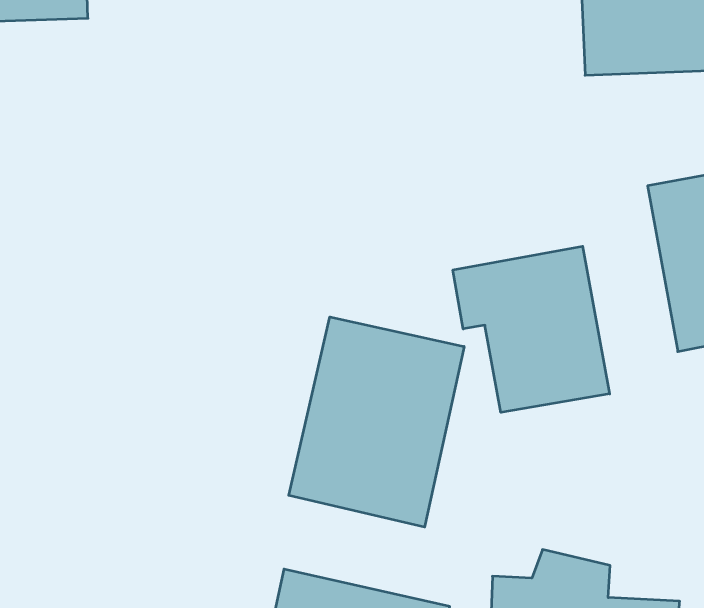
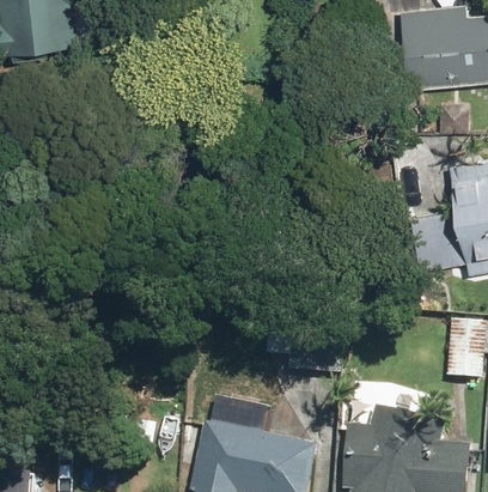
building: [453,246,610,412] -> none
building: [289,317,464,527] -> none

